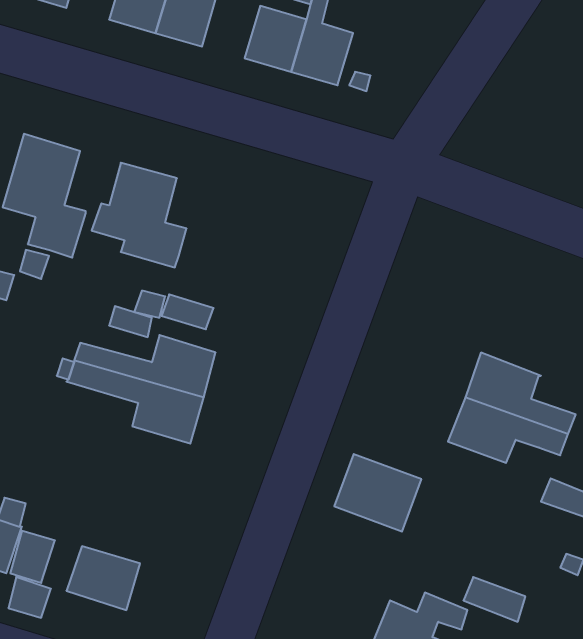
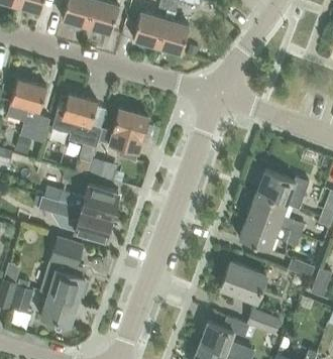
building: none -> [98,109,147,160]
building: none -> [255,169,301,210]
building: none -> [40,237,89,303]
building: [334,454,421,532] -> [220,261,265,302]

